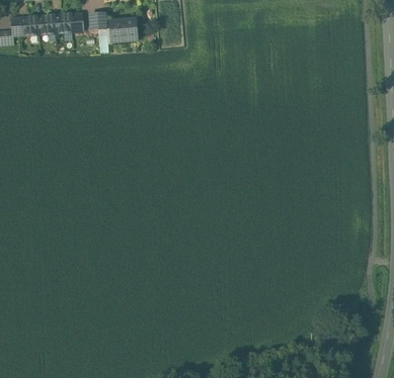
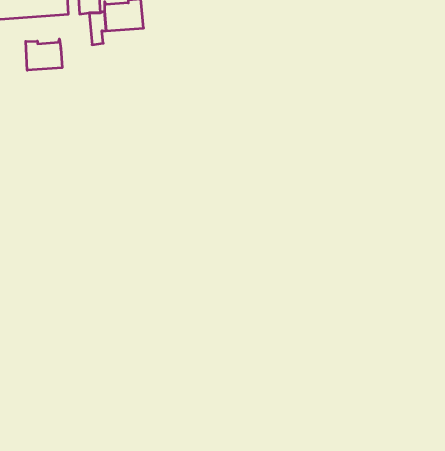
building: none -> [26,39,62,70]

